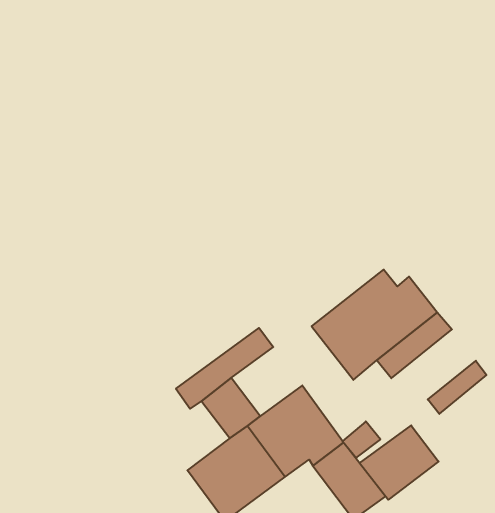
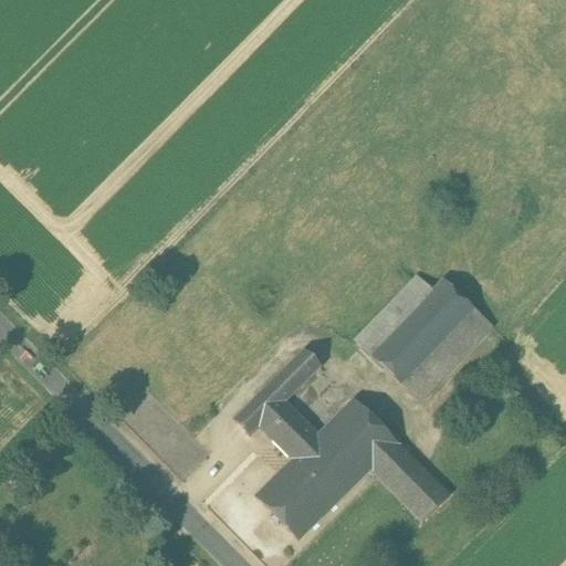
building: [428,361,486,414] -> none
building: [342,421,380,458] -> [405,364,441,400]
building: [360,425,439,500] -> none

